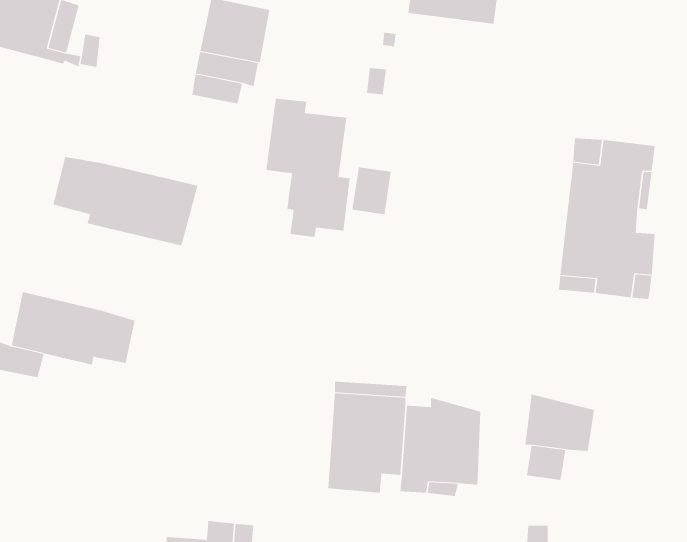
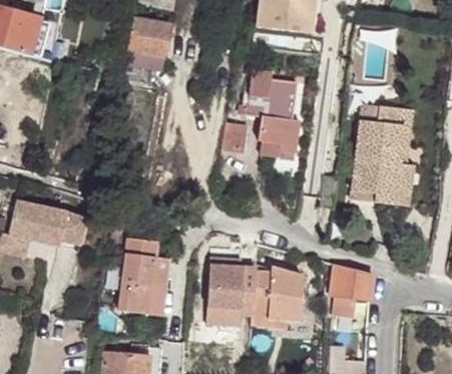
building: [266,98,350,238] -> [246,68,299,155]
building: [53,156,198,246] -> none
building: none -> [118,237,168,315]

